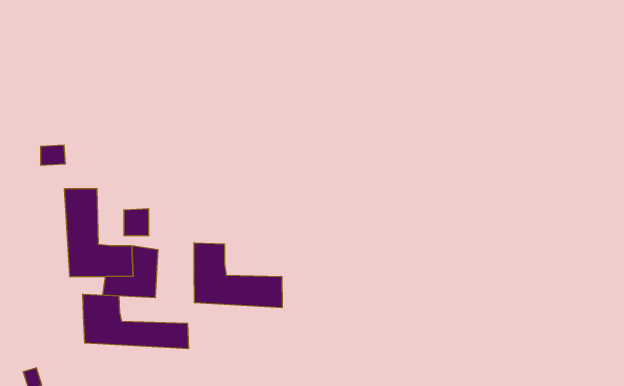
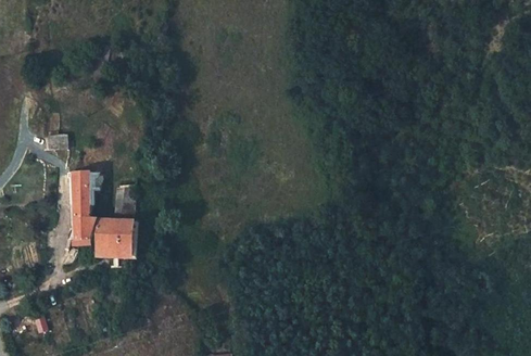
building: [194,243,282,308] -> none
building: [83,294,188,349] -> none

